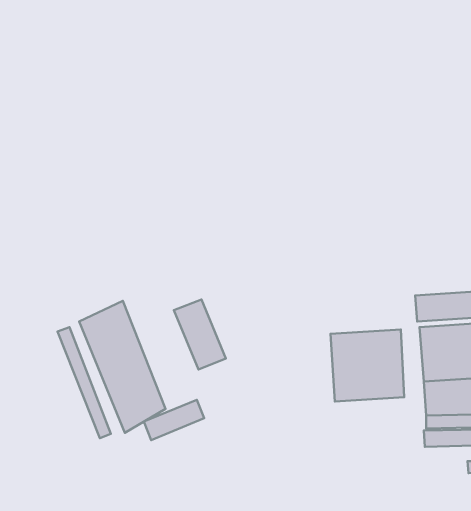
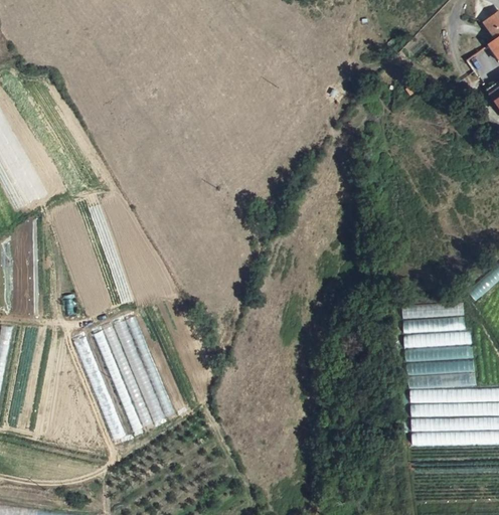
building: [174,299,226,370] -> none
building: [331,329,404,401] -> none
building: [144,400,204,440] -> none

